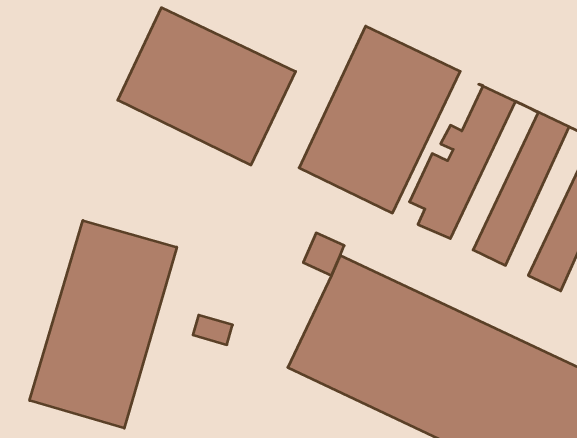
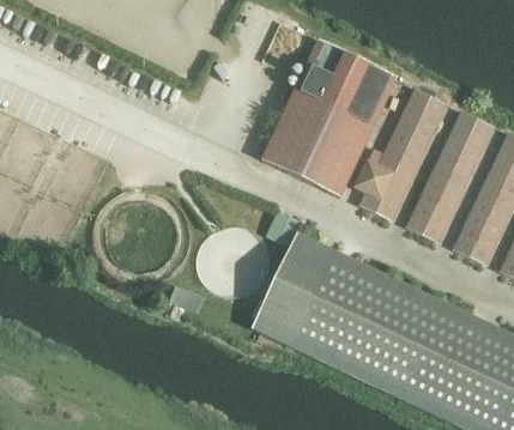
building: [118,8,296,165] -> none
building: [30,220,177,428] -> none

